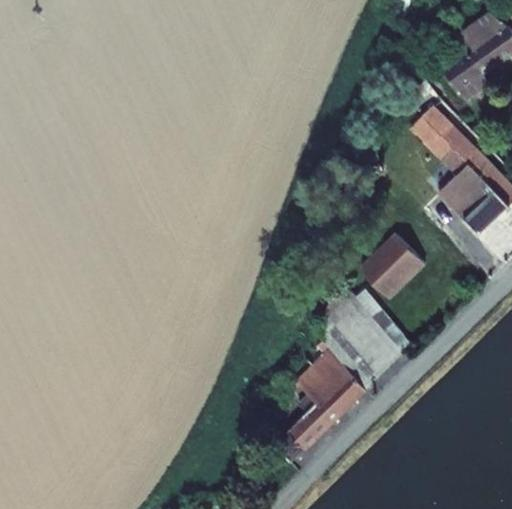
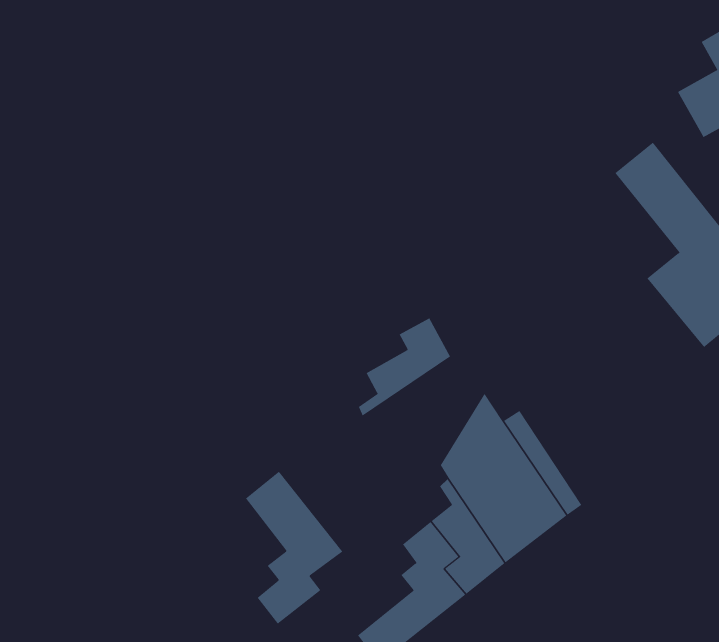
building: [360,232,425,297] -> none
building: none -> [358,318,451,416]
building: none -> [245,471,343,625]

